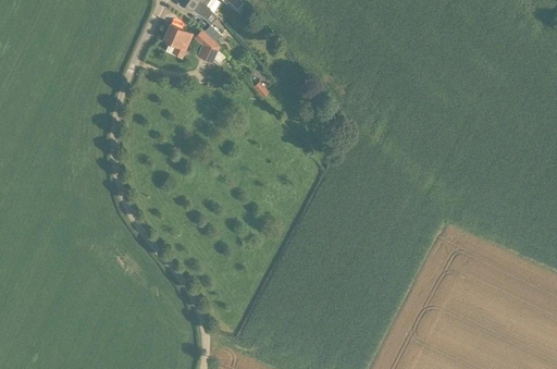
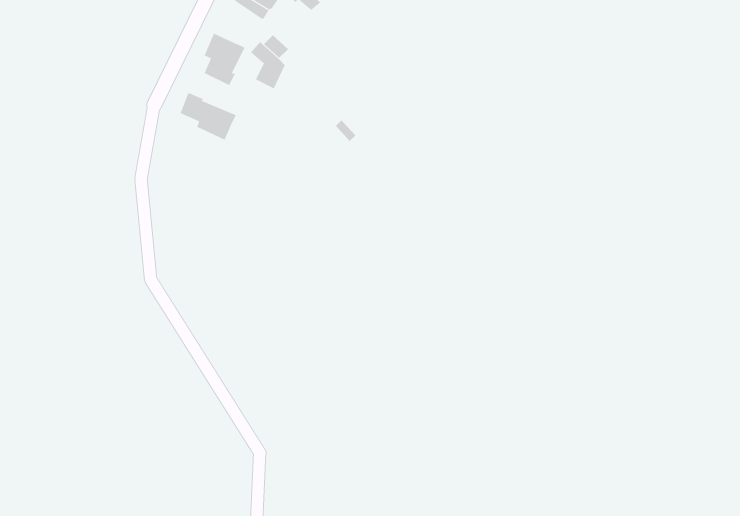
building: none -> [180,92,236,140]

